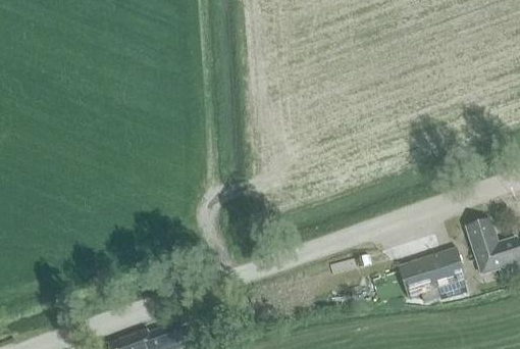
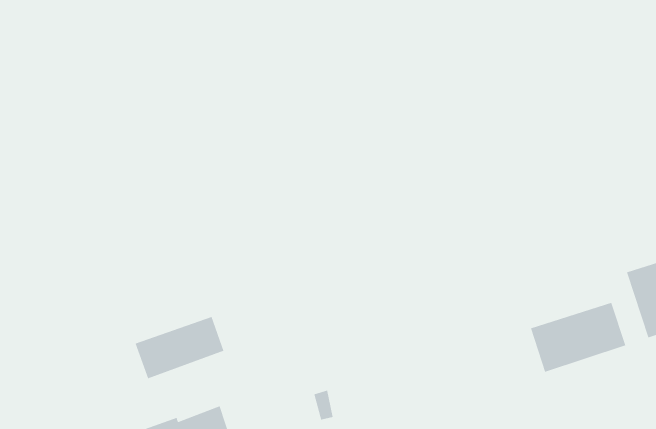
building: none -> [135,316,224,379]

